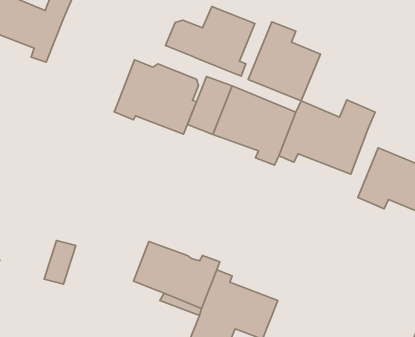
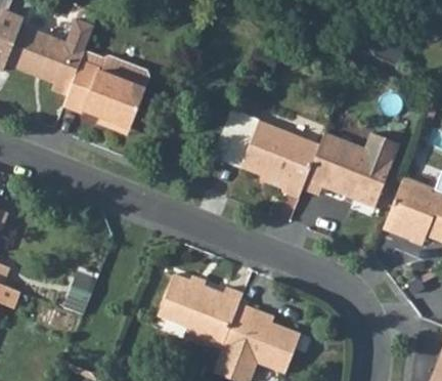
building: [165,6,255,76] -> none
building: [248,22,321,101] -> none
building: [114,60,199,134] -> [65,49,150,124]

